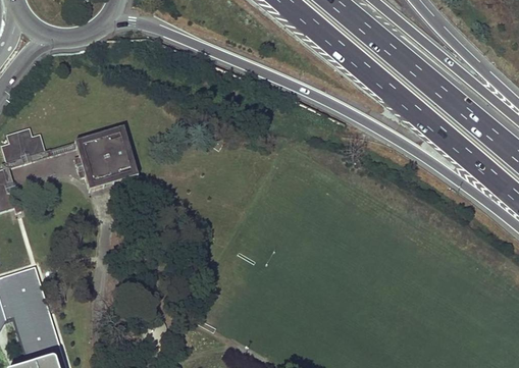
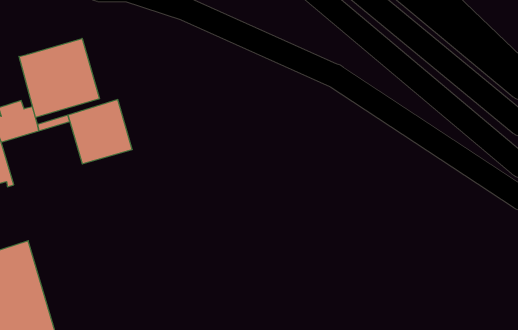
building: none -> [19,38,100,117]

